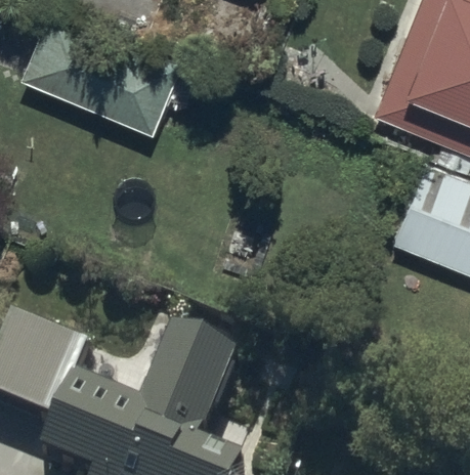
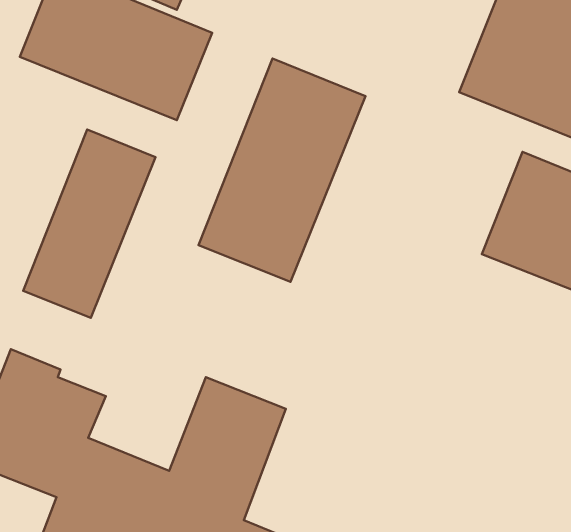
building: none -> [199,58,365,282]
building: none -> [23,129,156,318]

